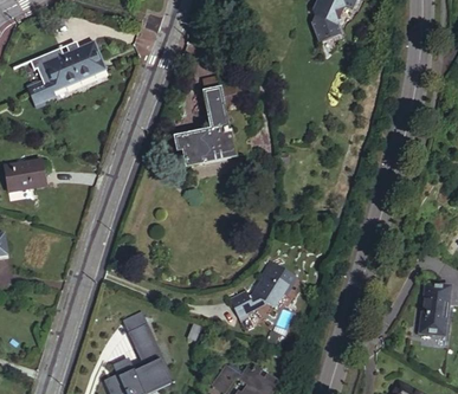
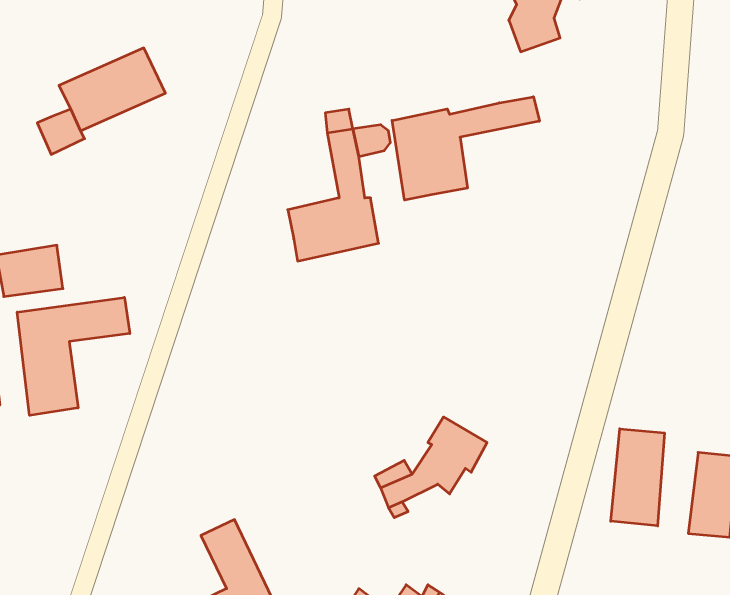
building: none -> [392,97,539,200]
building: none -> [17,297,130,415]
building: none -> [611,429,664,526]

